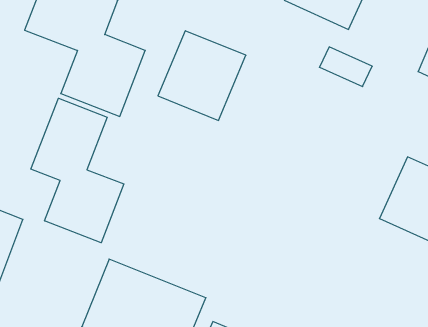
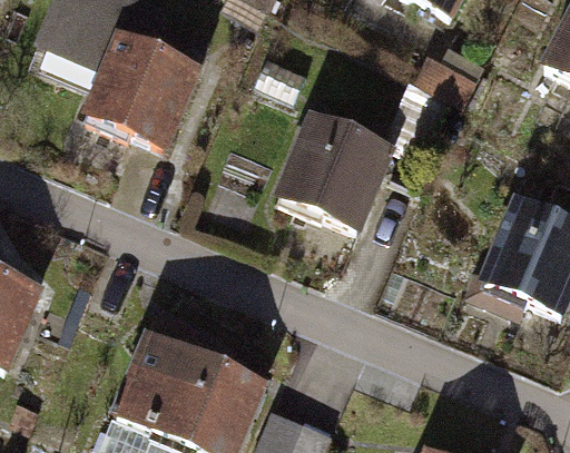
building: [158,31,246,120] -> [283,110,394,224]
building: [31,98,124,243] -> none

